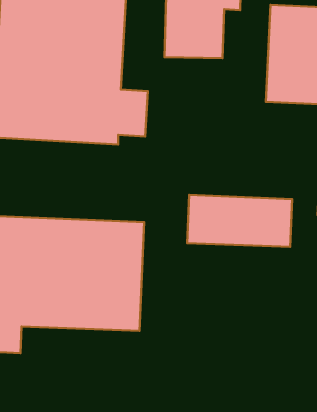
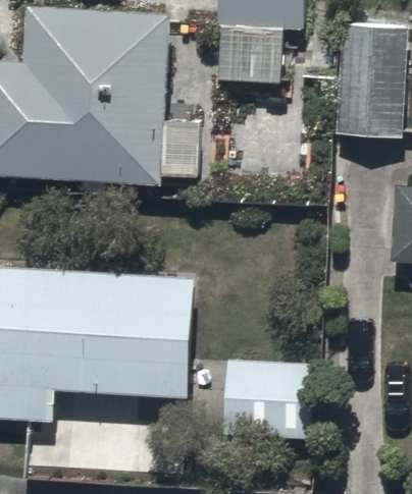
building: [187,195,292,247] -> none
building: none -> [223,358,322,438]

